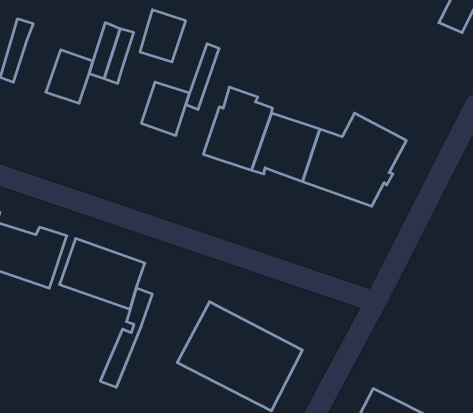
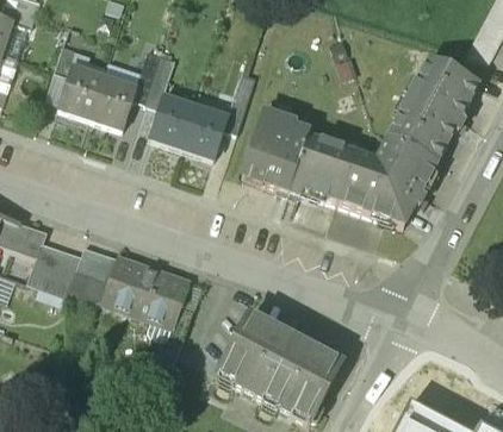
building: [140,10,186,62] -> [151,95,195,145]
building: none -> [387,57,478,162]
building: none -> [60,65,105,115]

